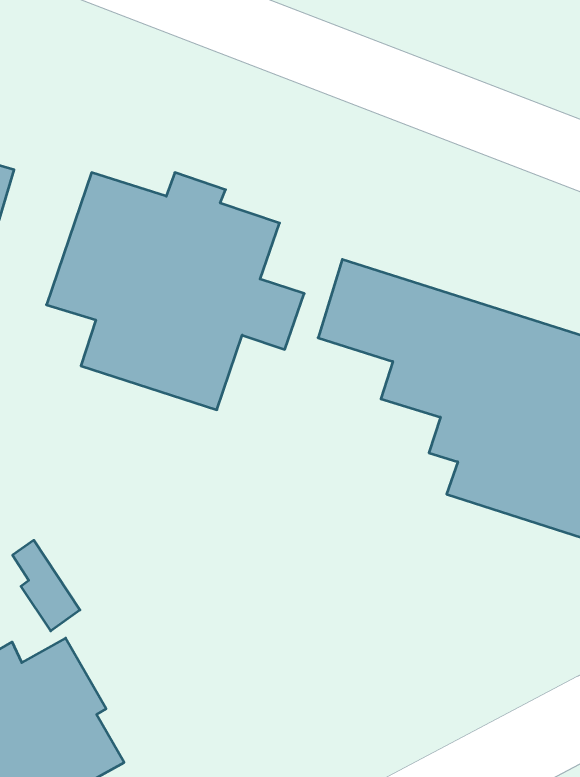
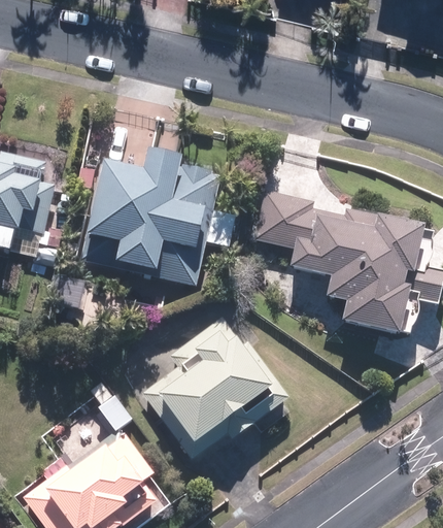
building: none -> [141,316,289,462]

